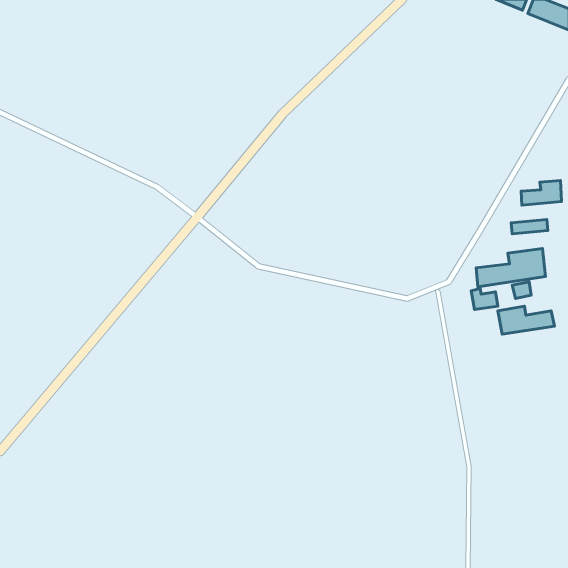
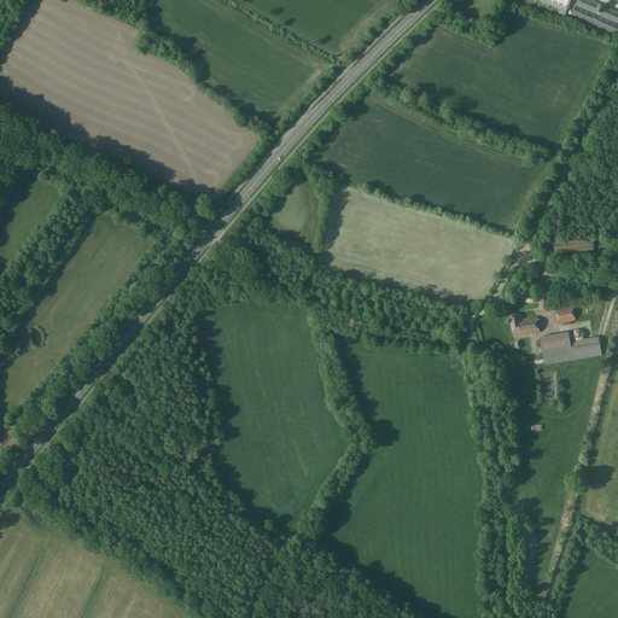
building: [521,181,562,205] -> none
building: [476,249,545,287] -> none

